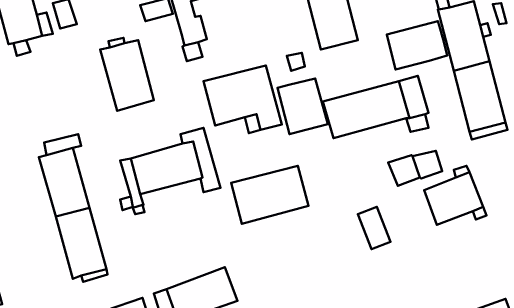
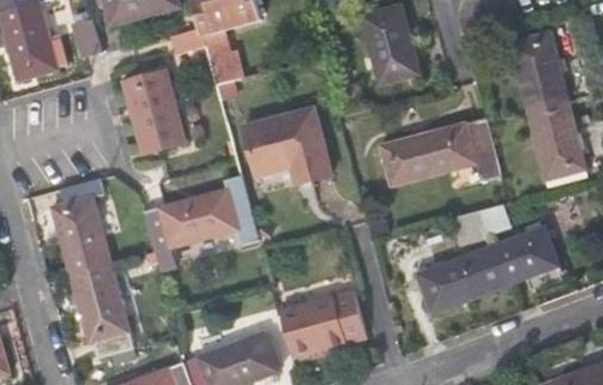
building: [387,21,447,69] -> none
building: [277,78,328,134] -> none
building: [231,166,308,224] -> [279,291,367,357]
building: none -> [438,245,506,303]

